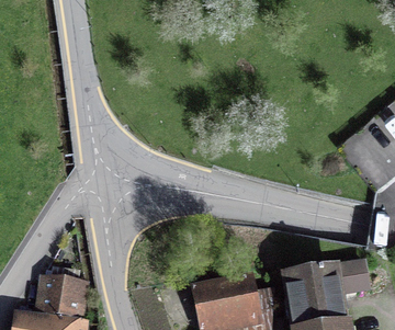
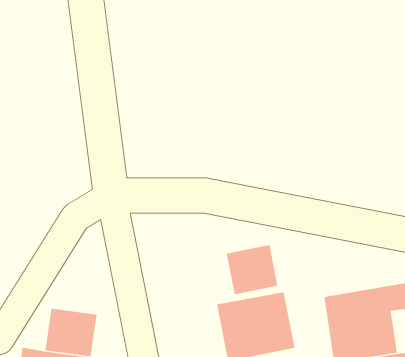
building: none -> [226,244,278,295]

